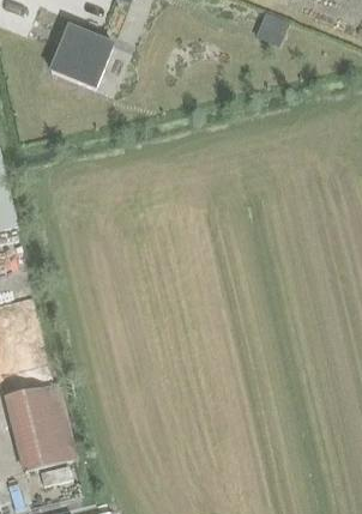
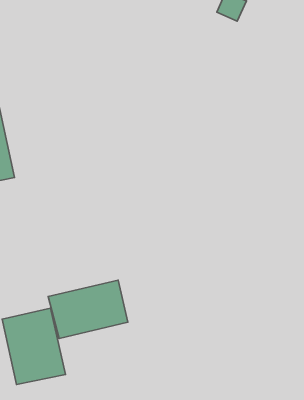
building: [49,29,113,90] -> none
building: none -> [48,280,128,339]

